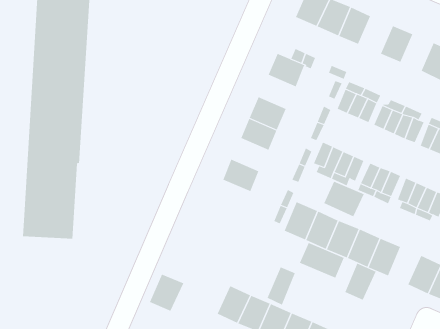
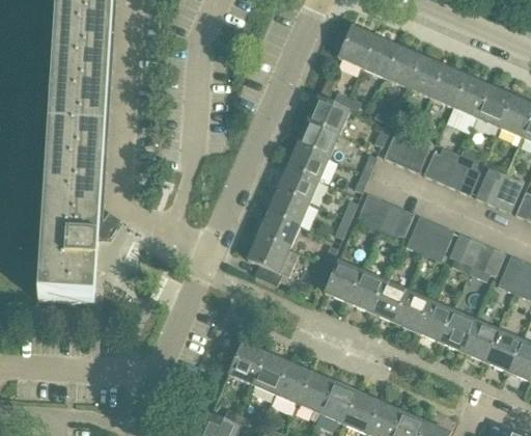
building: none -> [407,56,444,98]
building: none -> [453,76,488,116]
building: none -> [297,120,338,158]
building: none -> [267,190,308,226]
building: none -> [247,236,298,283]
building: [323,181,365,217] -> none
building: [299,242,345,278] -> none
building: [344,263,377,301] -> [440,309,475,351]
building: [267,266,295,305] -> none
building: [149,274,184,312] -> [227,342,266,383]

